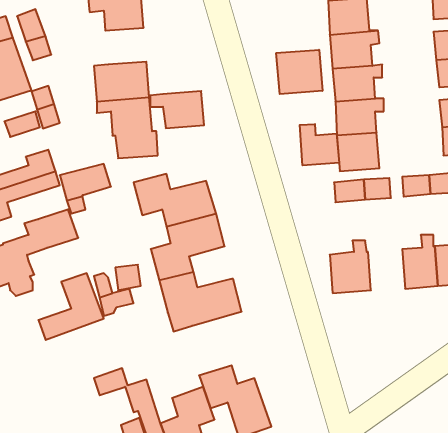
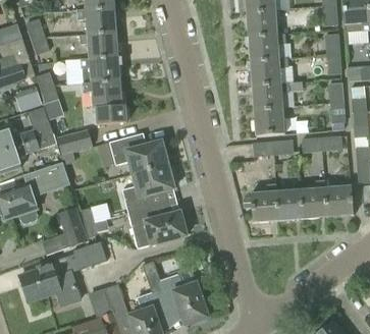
building: [276,50,322,94] -> none
building: [150,91,204,128] -> [80,31,118,57]
building: [300,124,339,165] -> none
building: none -> [277,189,304,219]
building: none -> [20,241,99,307]

